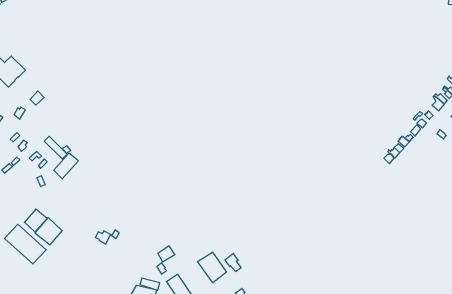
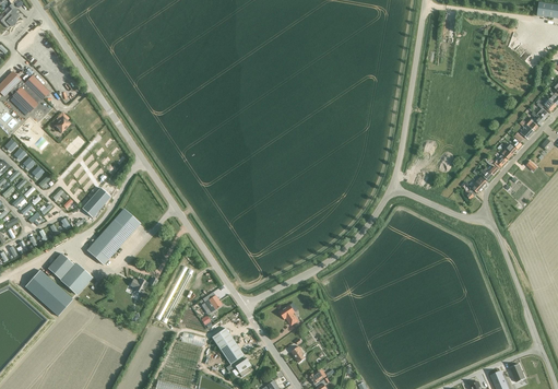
building: none -> [86,209,139,264]
building: [198,252,226,283] -> none

